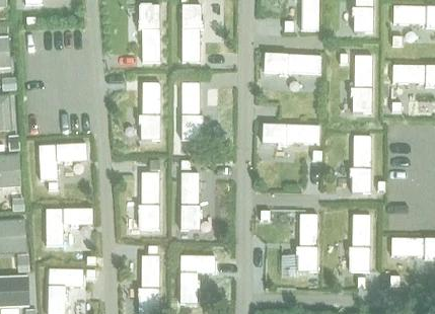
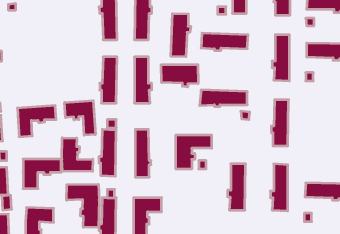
building: none -> [171,14,191,57]
building: none -> [161,65,198,87]
building: none -> [65,101,95,135]
building: none -> [176,135,212,169]
building: none -> [62,138,93,171]
building: none -> [67,184,99,228]

